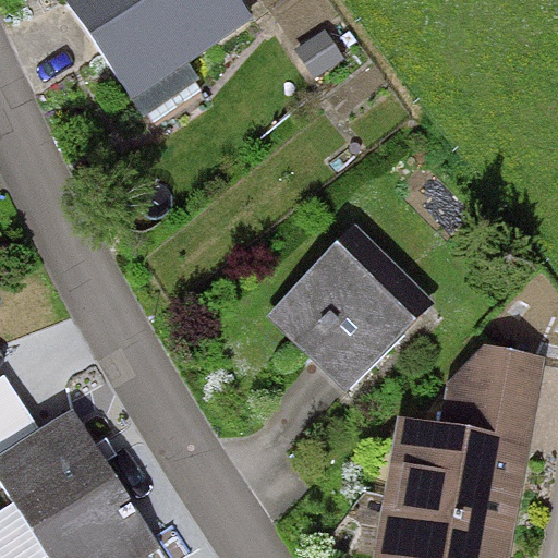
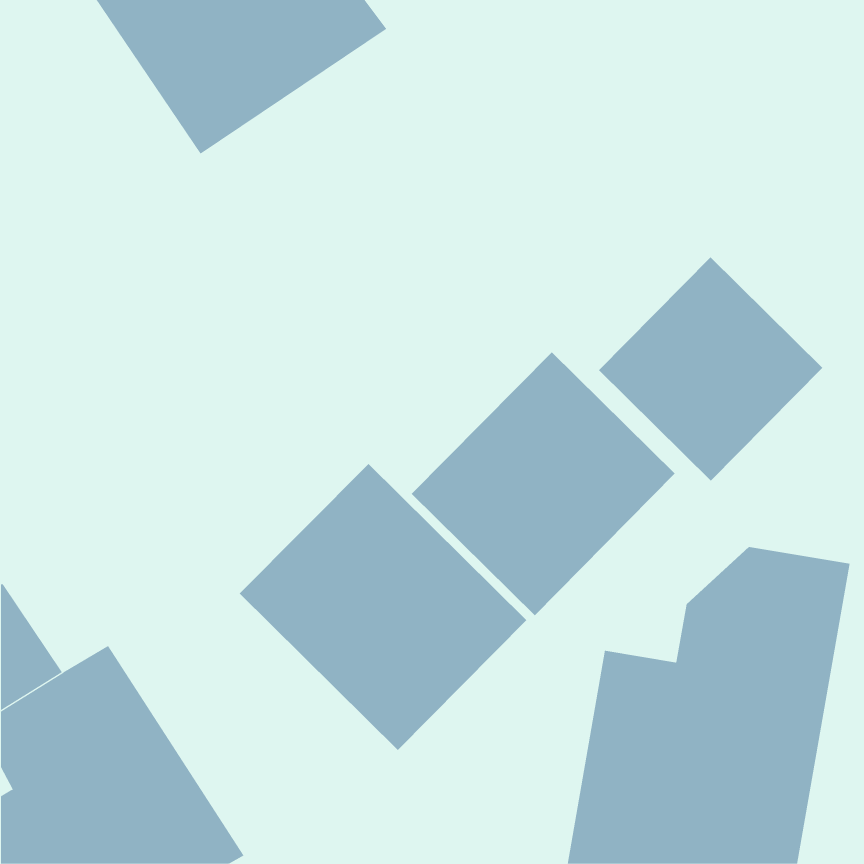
building: none -> [598,256,823,482]
building: none -> [239,463,527,751]

